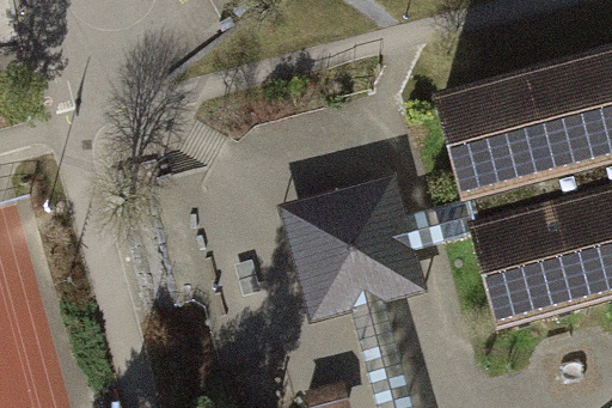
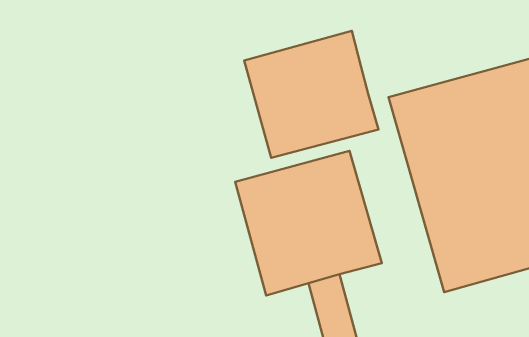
building: none -> [244,31,378,158]

